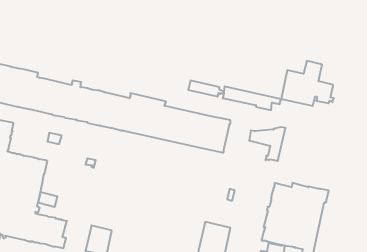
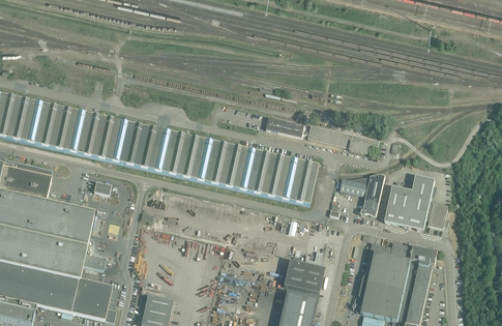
building: [281,61,334,106] -> [384,174,448,229]
building: none -> [283,259,324,293]

